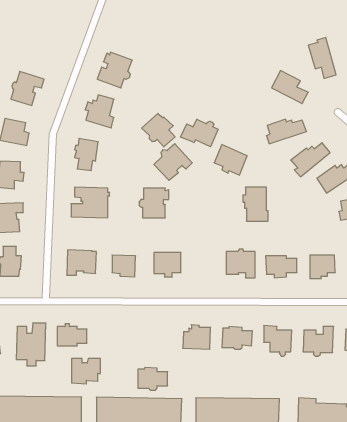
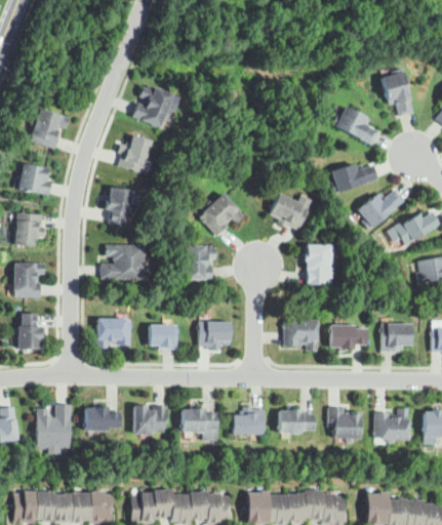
building: [142,113,175,147] -> none
building: [180,119,218,147] -> none
building: [72,359,100,384] -> [134,405,168,435]
building: [138,367,168,390] -> [183,407,217,434]

